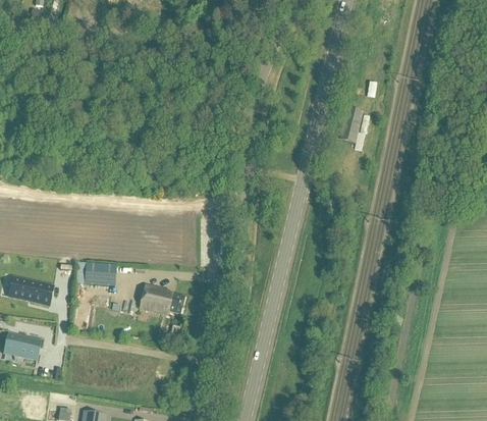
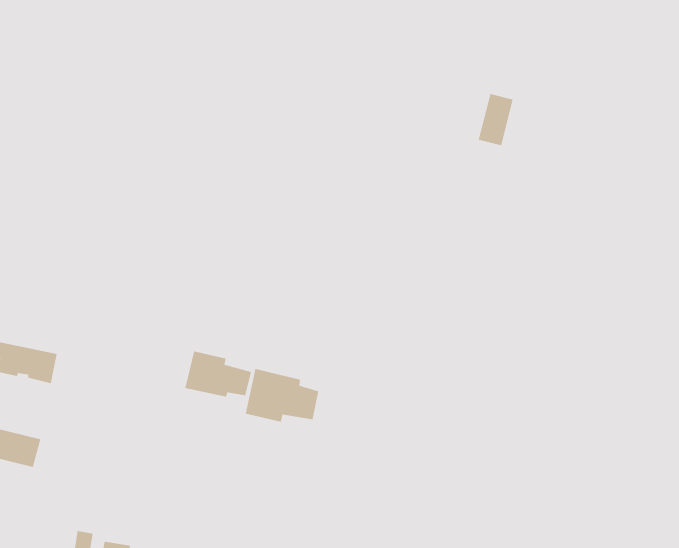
building: [85,263,115,284] -> none
building: none -> [245,368,319,422]

